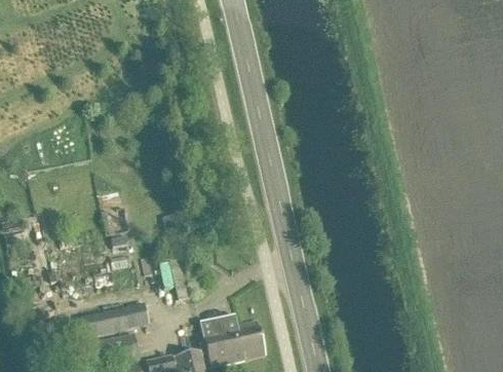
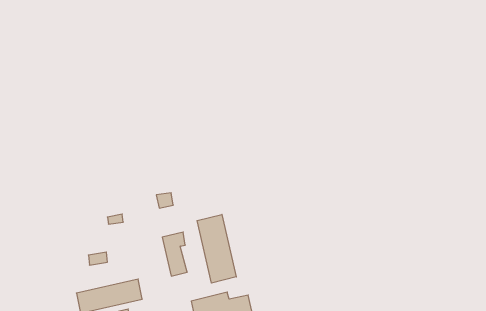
building: none -> [197,214,236,283]

